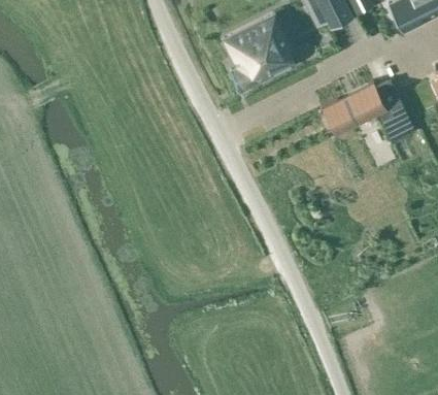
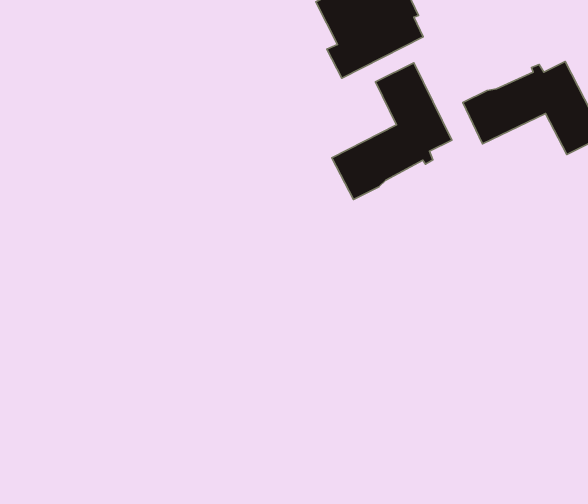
building: none -> [332,63,452,199]

